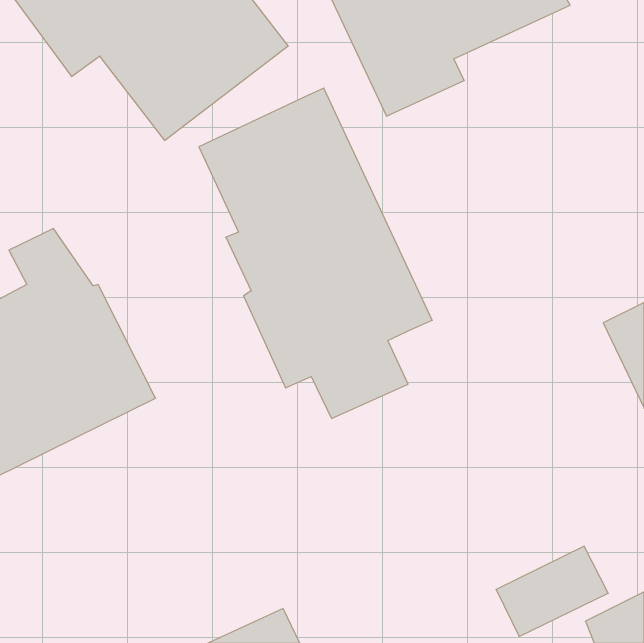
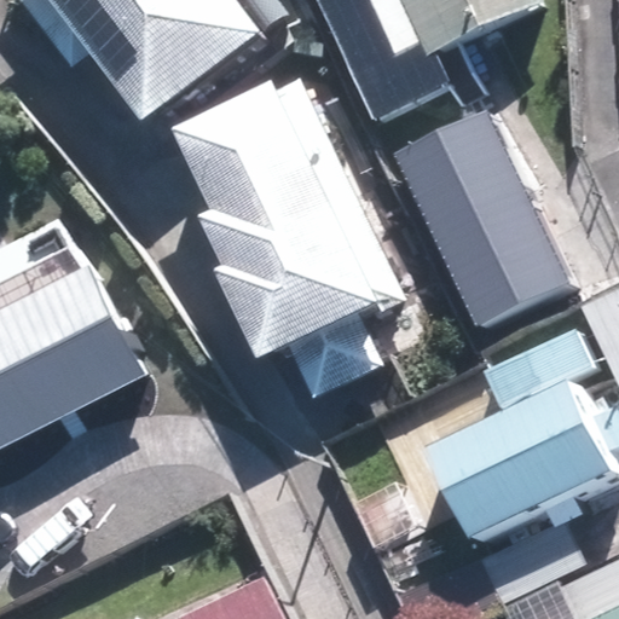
building: none -> [387,103,562,316]
building: none -> [417,377,601,533]

